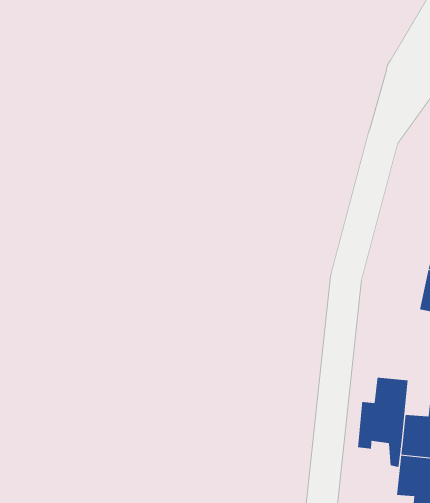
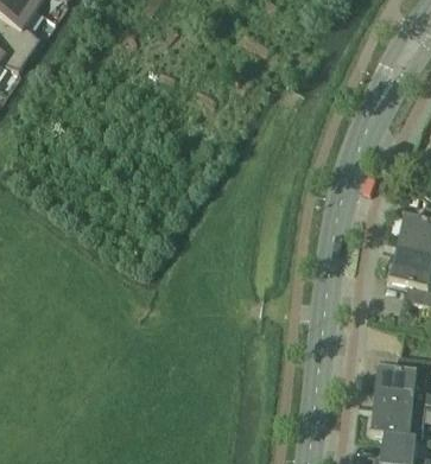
building: [357,377,408,468] -> none

